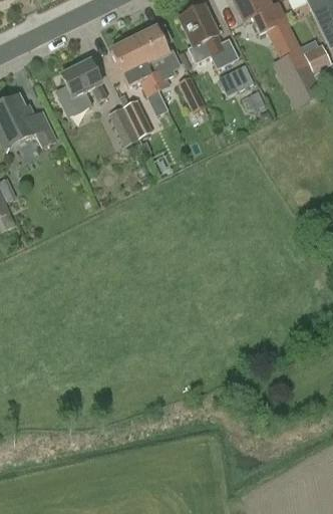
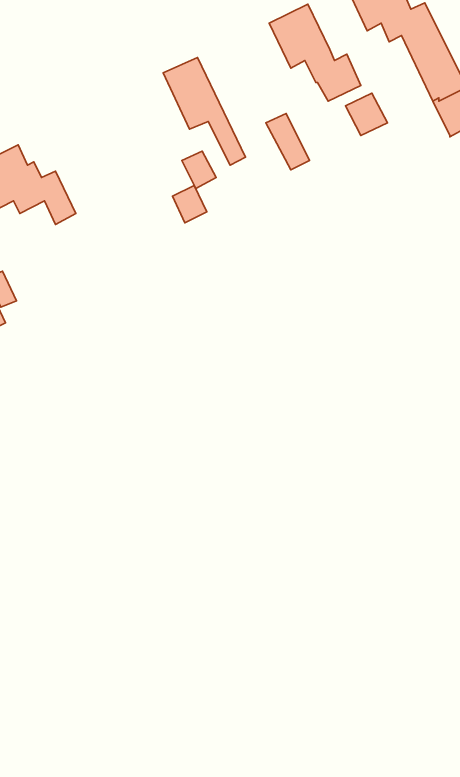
building: [132,27,179,102] -> none
building: [55,60,107,113] -> none

